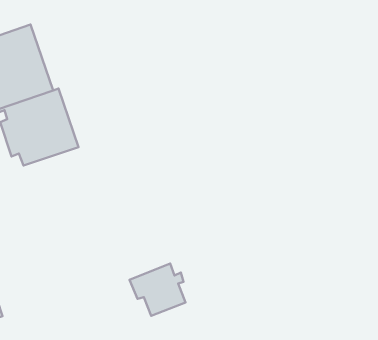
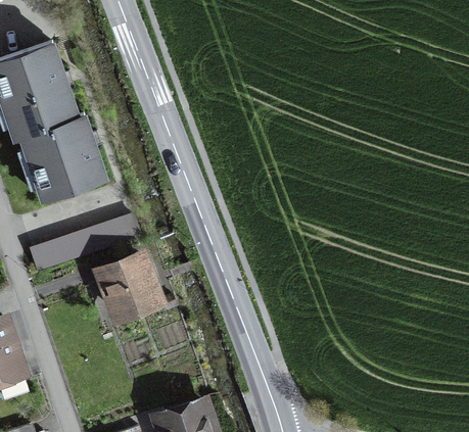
building: none -> [32,222,120,269]
building: [129,264,185,316] -> [95,257,158,317]

